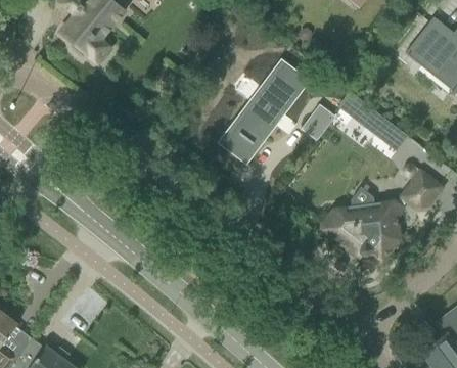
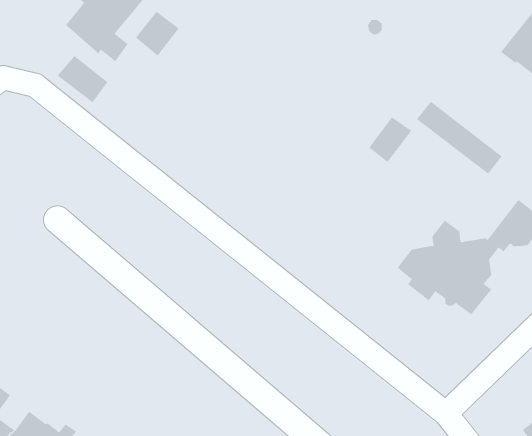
building: none -> [135,11,180,56]
building: none -> [57,55,108,103]
building: [222,62,309,163] -> none

